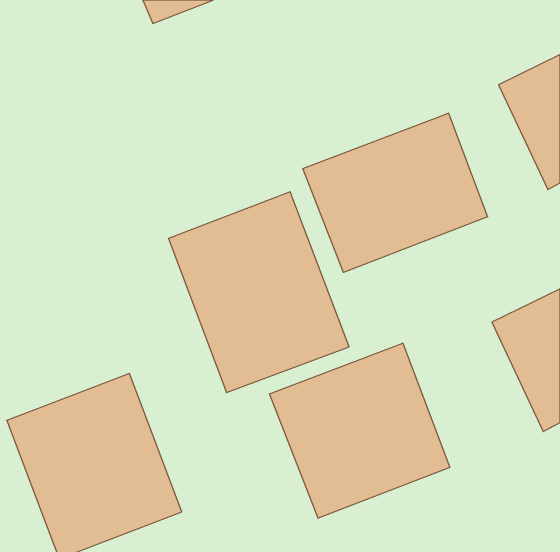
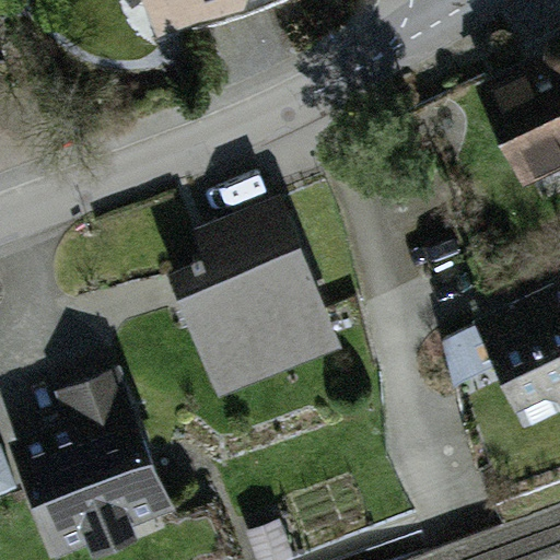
building: [303,113,488,272] -> none
building: [270,343,450,518] -> none

